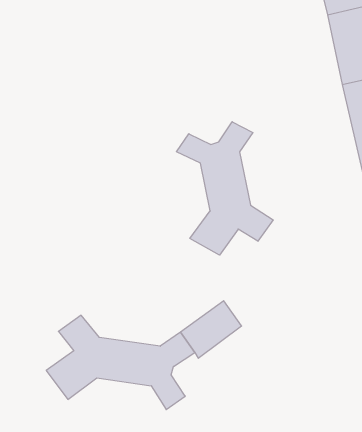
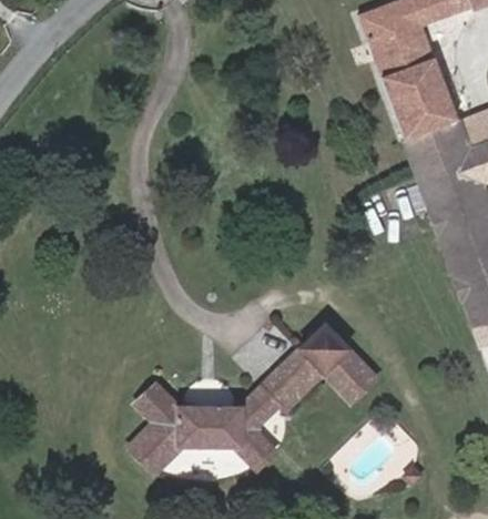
building: [176,122,273,255] -> none
building: none -> [304,326,379,403]

